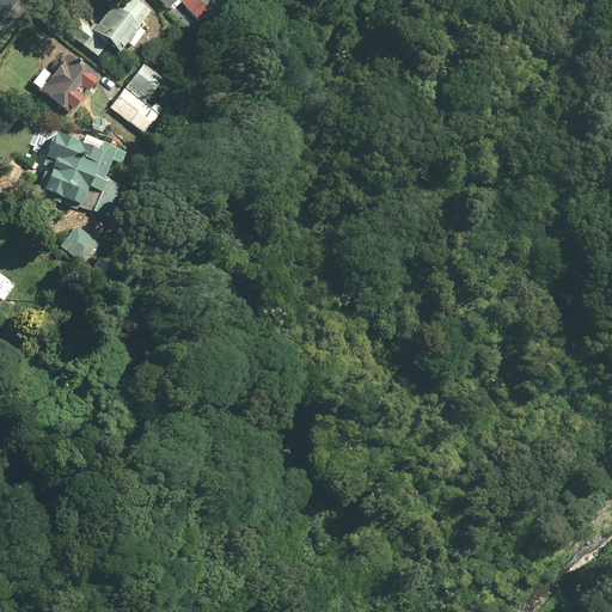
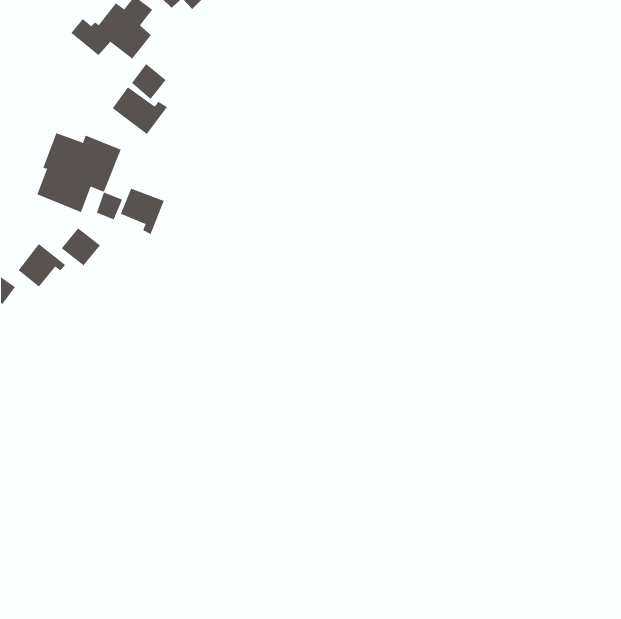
building: [31,53,100,115] -> none
building: none -> [120,188,164,235]
building: none -> [18,243,66,288]

